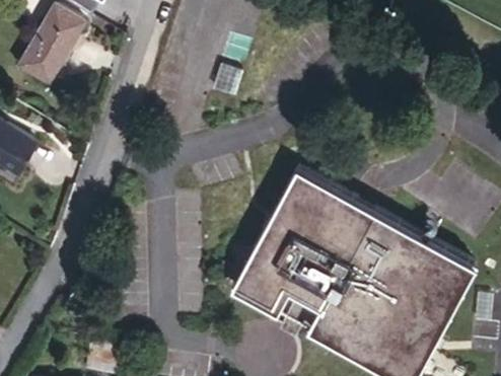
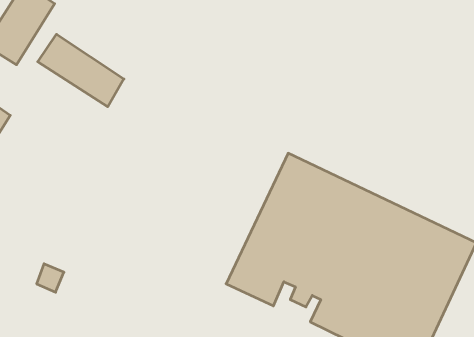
building: none -> [38,34,124,107]

